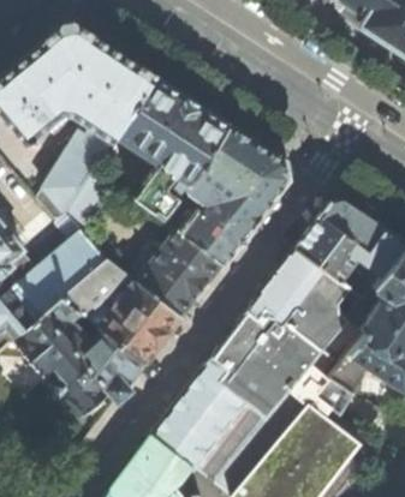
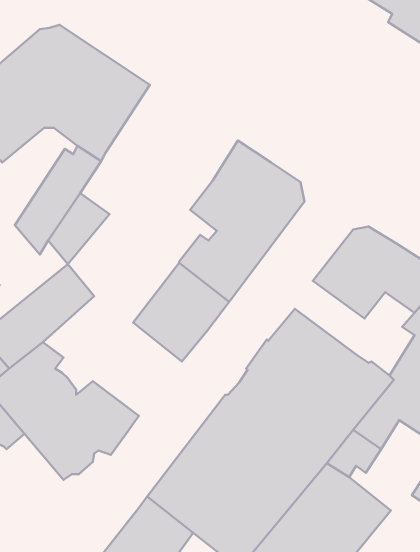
building: [115,79,230,220] -> none
building: [278,248,350,312] -> none
building: [61,262,181,365] -> none

